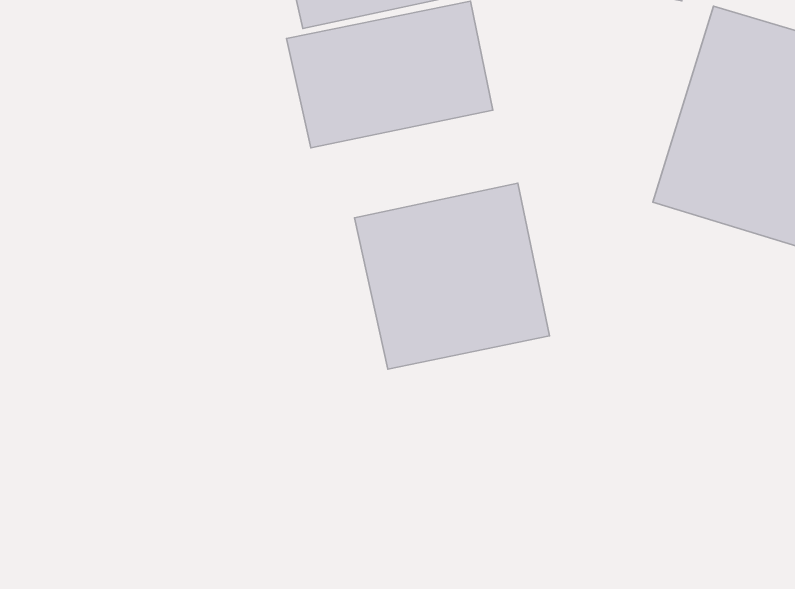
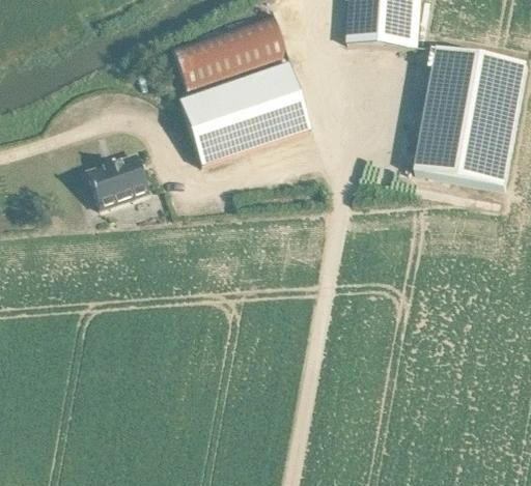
building: none -> [86,154,148,207]
building: [354,183,549,369] -> none

